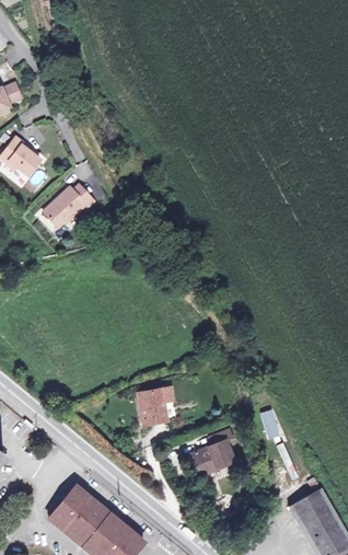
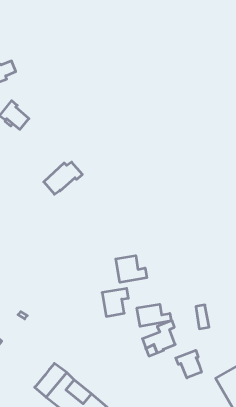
building: [43,185,94,228] -> [44,162,82,194]
building: none -> [116,256,147,282]
building: none -> [137,304,171,326]
building: none -> [176,350,201,378]

